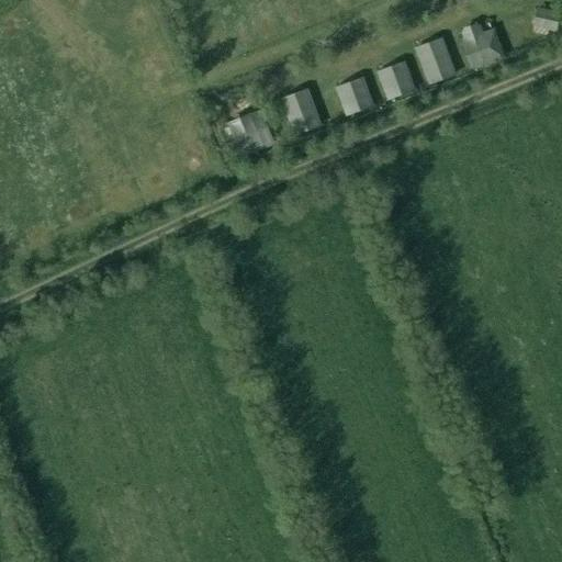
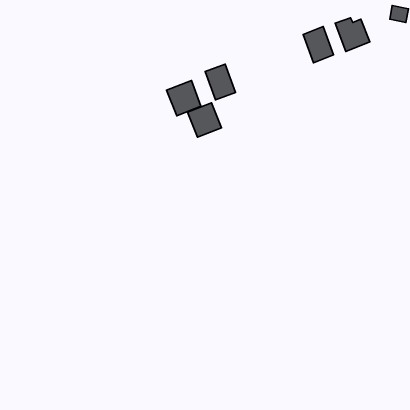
building: [375,61,415,101] -> none
building: [335,77,374,116] -> none
building: none -> [188,103,221,137]

